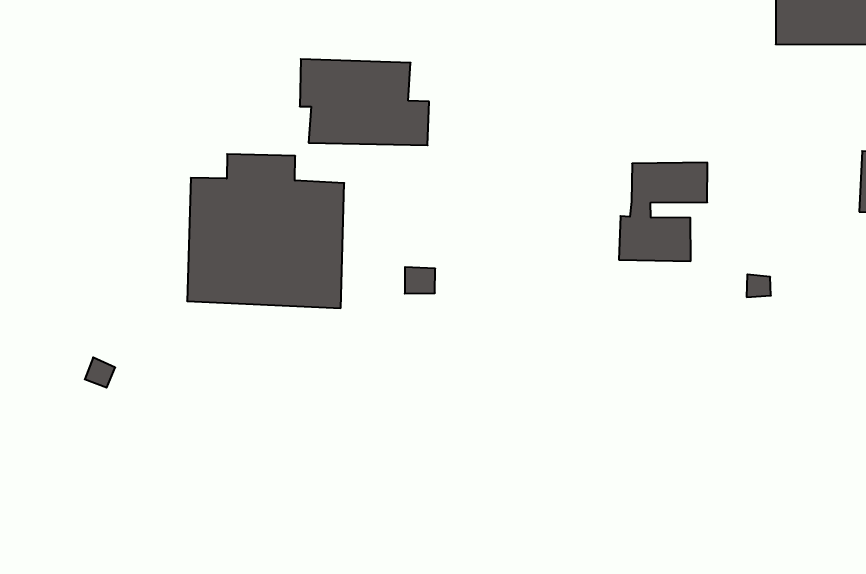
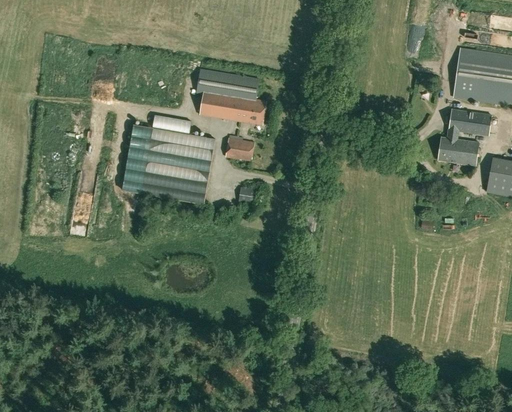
building: [619,163,707,261] -> [437,109,491,165]
building: none -> [225,138,254,161]

